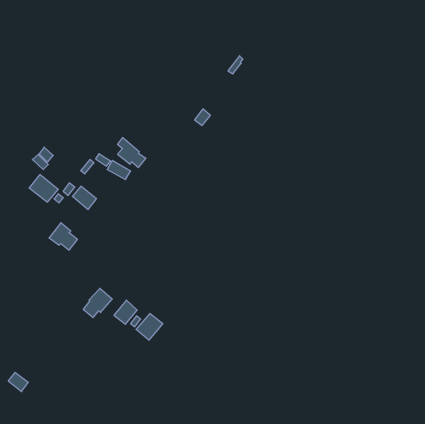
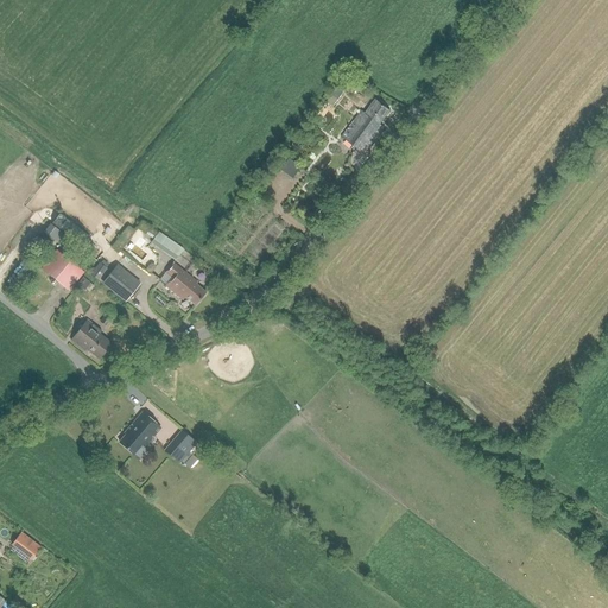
building: none -> [342,99,390,153]
building: [118,138,146,168] -> [165,261,205,304]
building: [136,313,163,340] -> none

